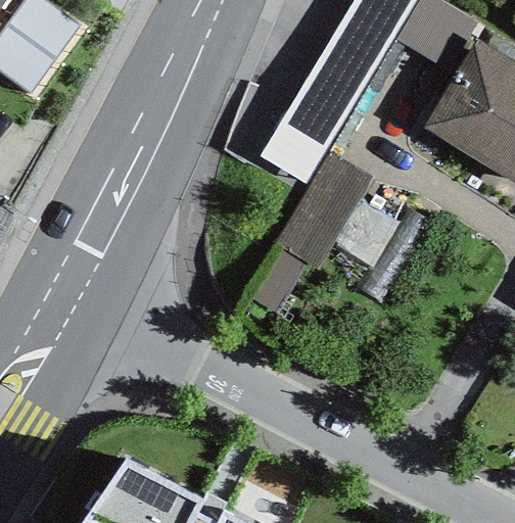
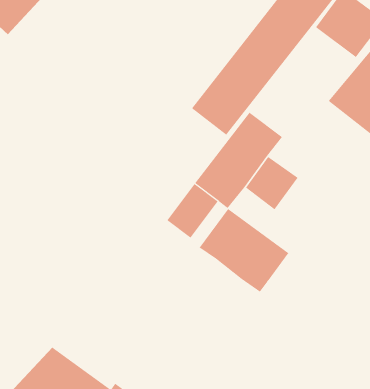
building: none -> [199,208,289,292]

